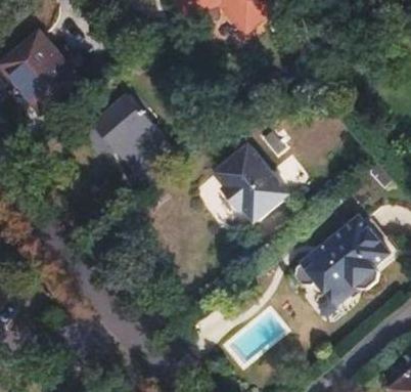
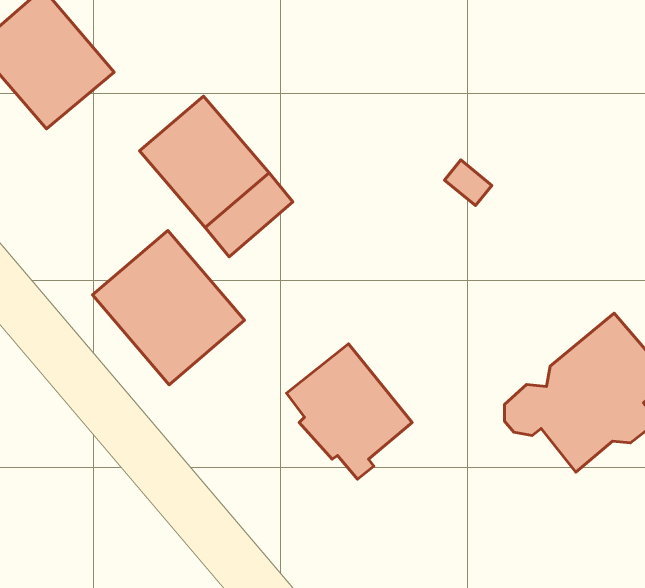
building: [212,144,282,220] -> [286,344,412,479]
building: none -> [92,230,245,385]

